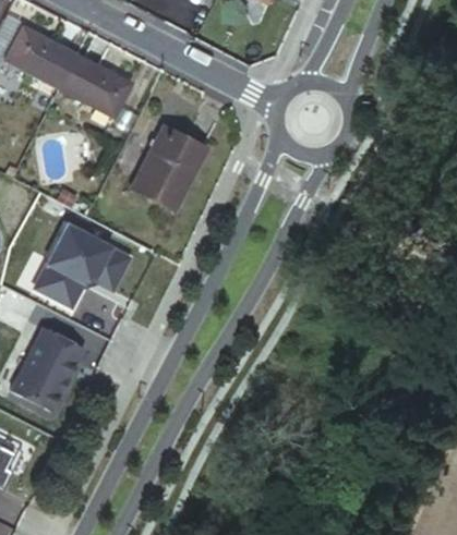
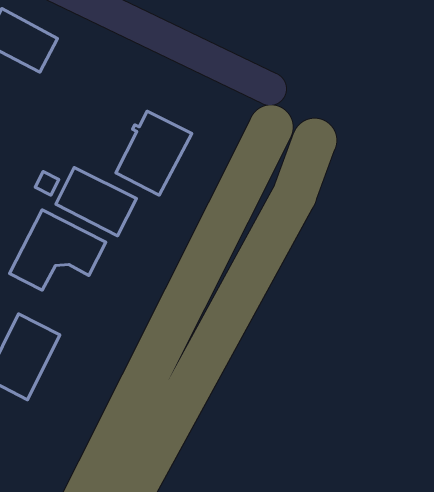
building: [62,57,132,117] -> none
building: none -> [56,168,137,236]

